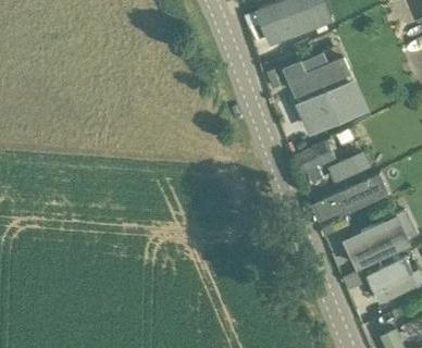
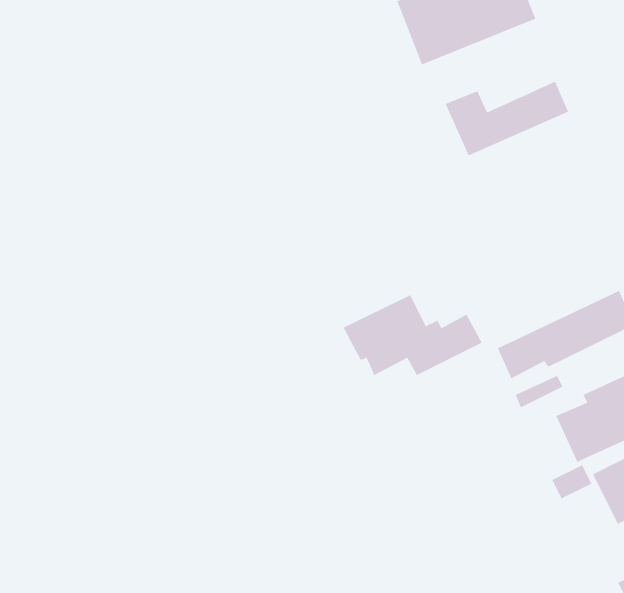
building: [299,85,358,130] -> none
building: [293,139,371,185] -> [343,295,482,376]

